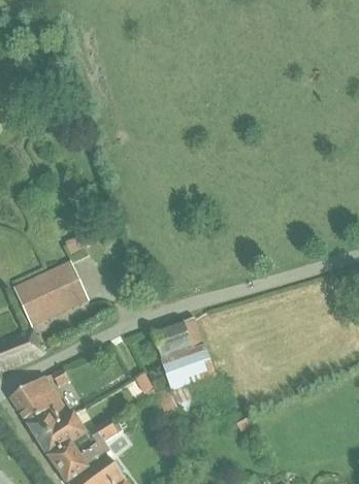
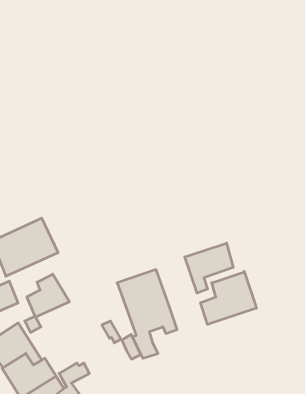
building: none -> [185,243,233,293]
building: none -> [201,271,256,324]
building: none -> [27,274,69,317]

